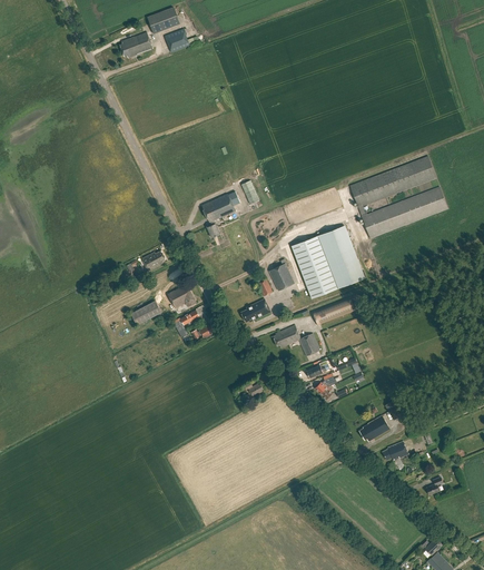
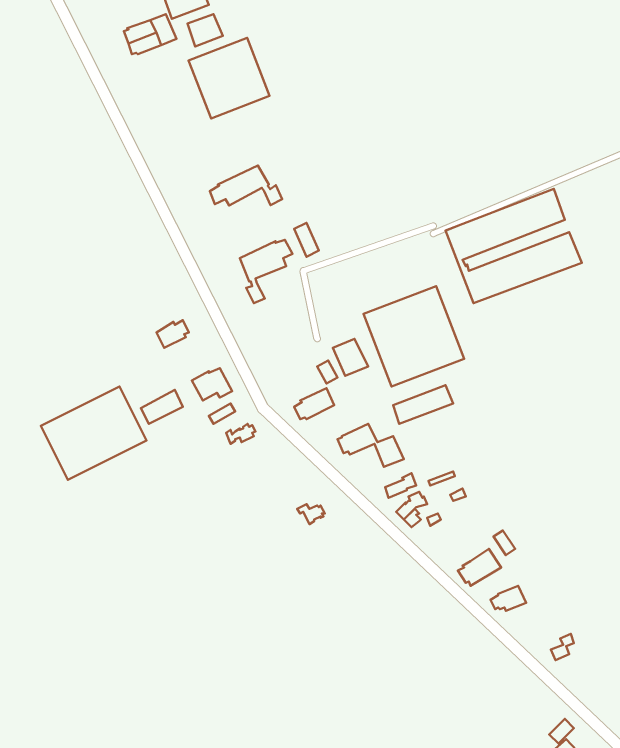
building: none -> [189,38,270,118]
building: none -> [210,166,282,206]
building: none -> [41,387,147,480]

